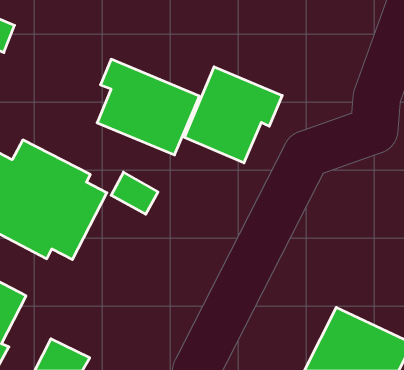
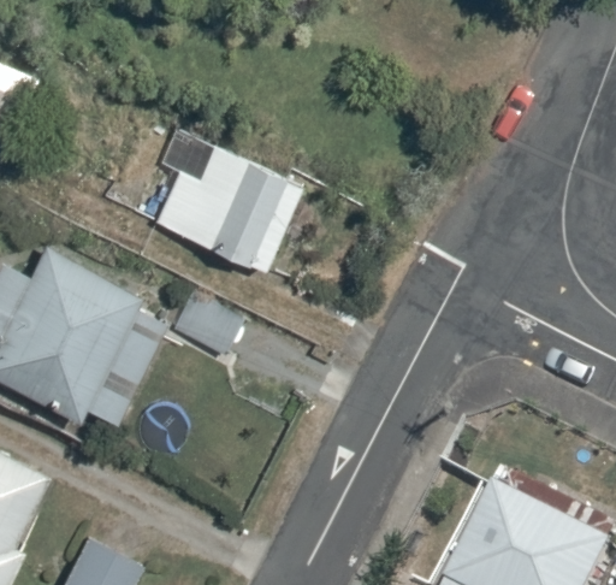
building: [184,67,282,163] -> none

